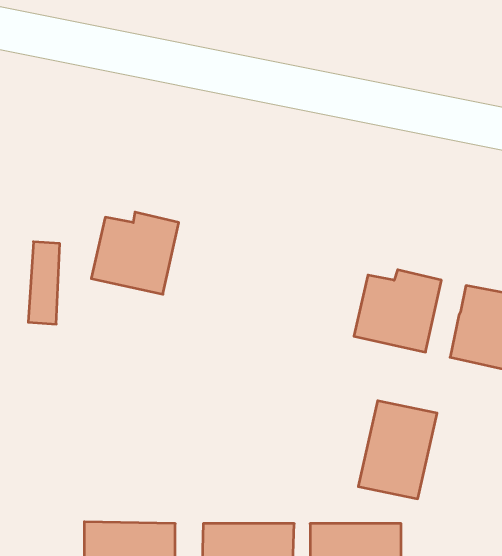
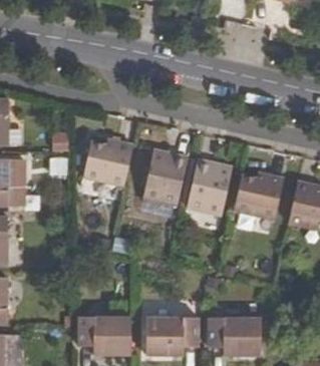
building: none -> [142,148,188,206]
building: [358,401,437,499] -> [187,158,232,215]

